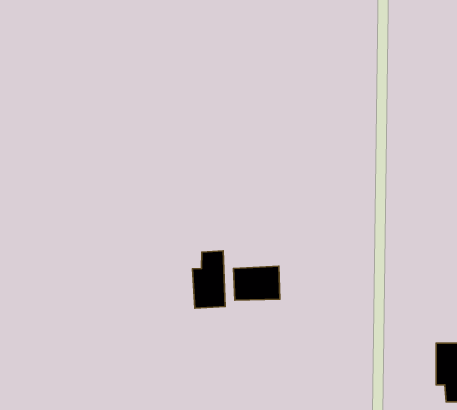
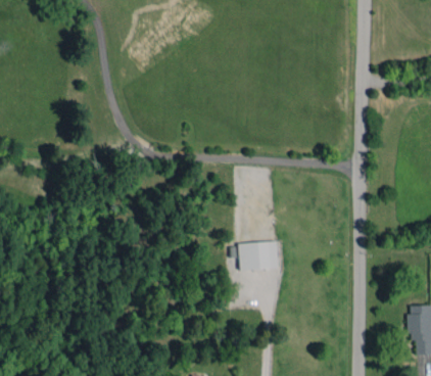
building: [192,251,225,308] -> none

